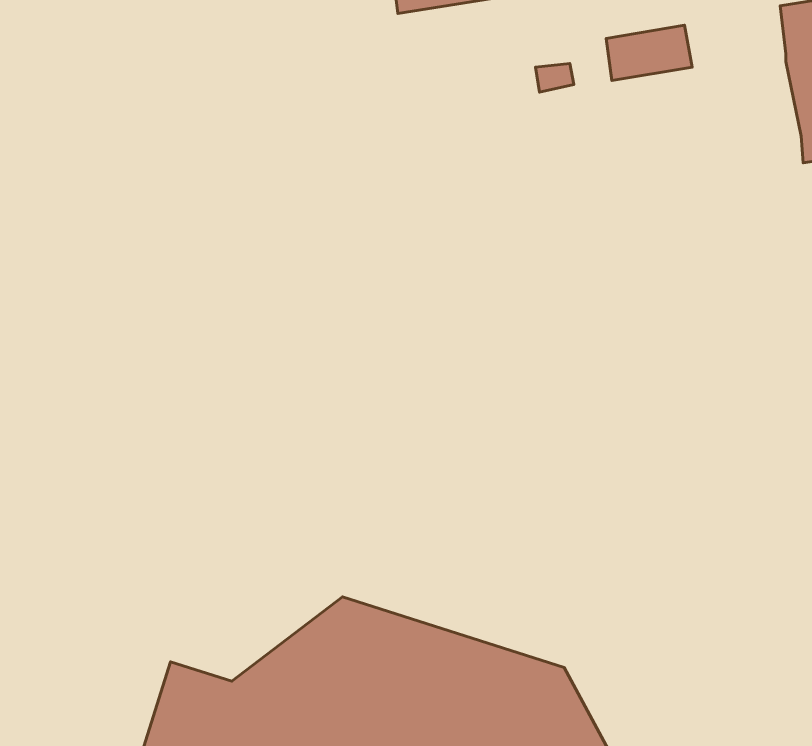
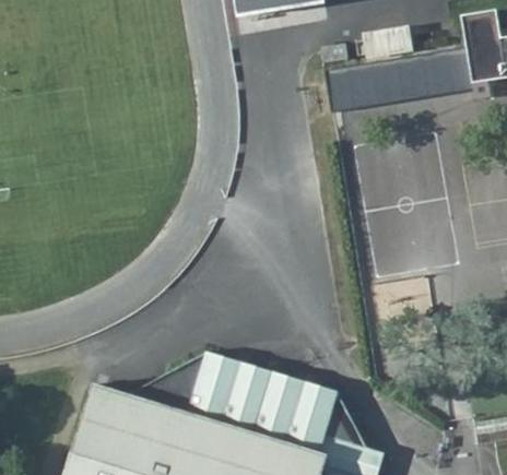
building: none -> [319,45,470,111]

